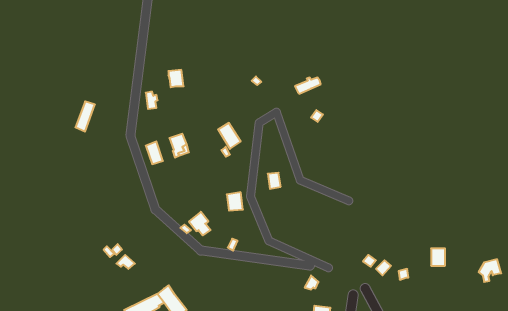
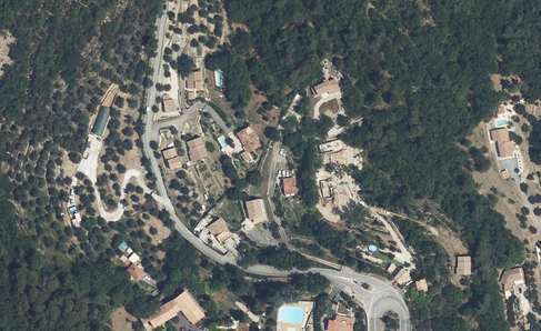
building: none -> [489,127,512,157]

